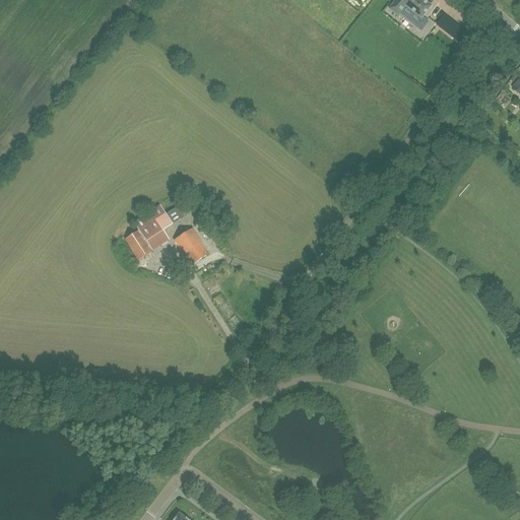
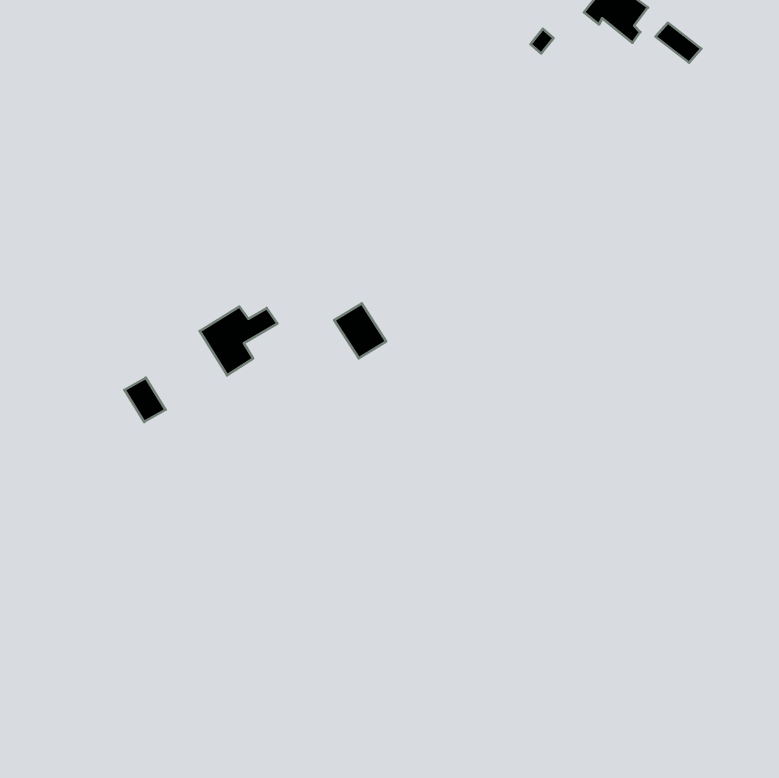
building: [174,228,208,264] -> [334,303,386,358]
building: [124,229,151,258] -> [124,378,166,422]

